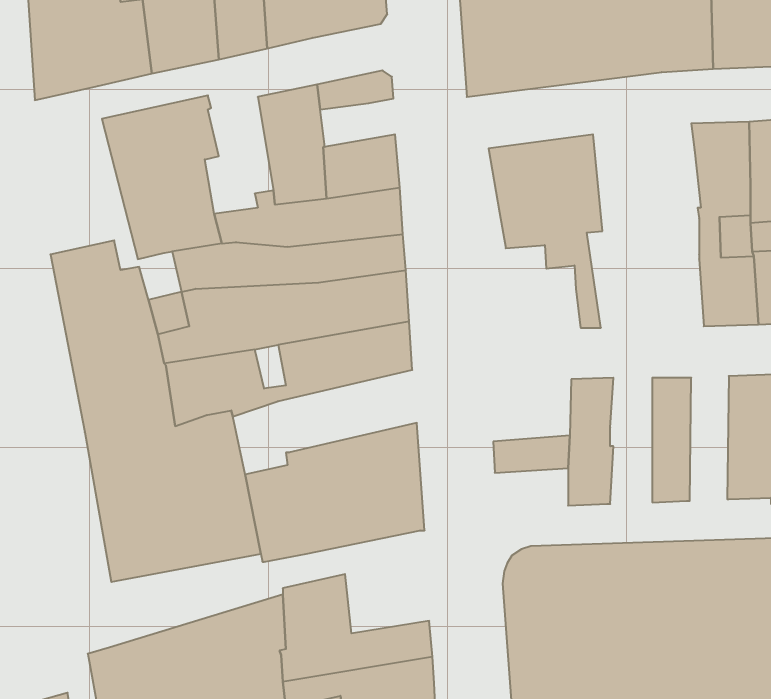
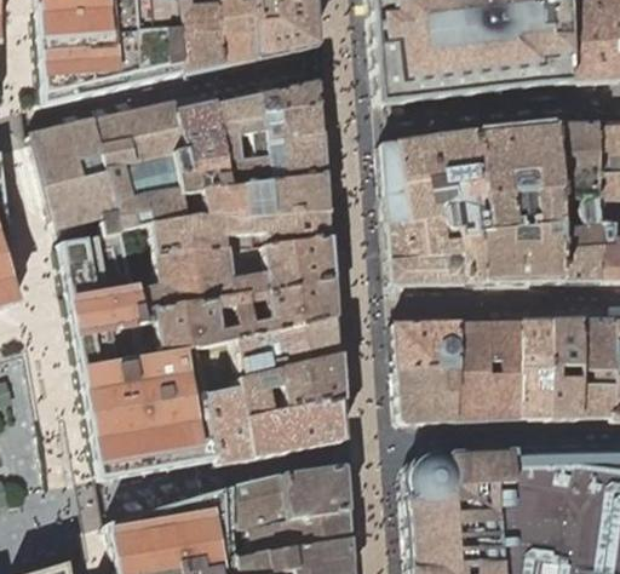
building: none -> [177,103,230,194]
building: none -> [266,104,325,142]
building: none -> [34,120,126,237]
building: none -> [473,124,564,282]
building: none -> [385,143,469,283]
building: none -> [234,315,341,379]
building: none -> [551,320,584,418]
building: none -> [492,321,524,419]
building: none -> [397,322,461,371]
building: none -> [402,391,459,423]
building: none -> [286,464,351,520]

